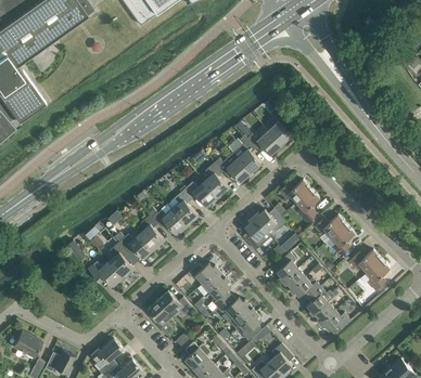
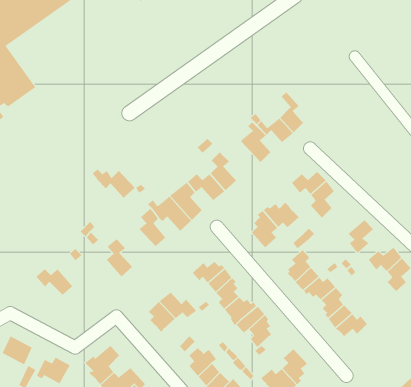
building: [214,153,251,181] -> none
building: [312,213,346,237] -> none
building: [114,232,154,259] -> [92,169,135,198]
building: [88,261,123,286] -> [35,268,73,296]

